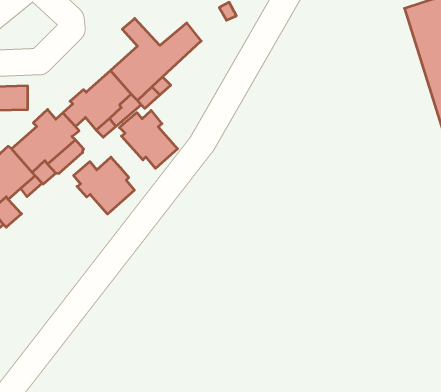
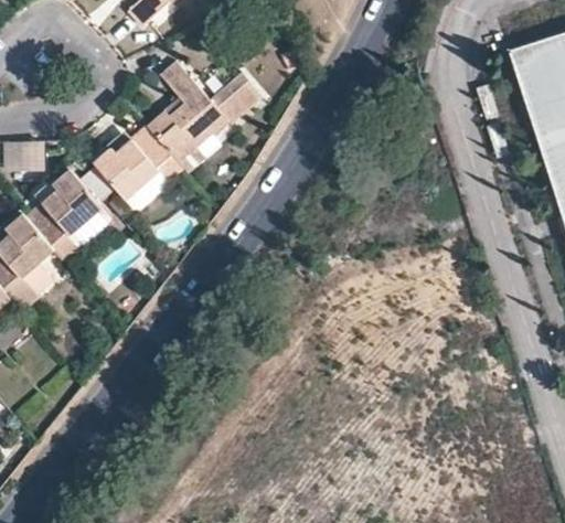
building: [119,110,178,168] -> none
building: [74,157,134,214] -> none

